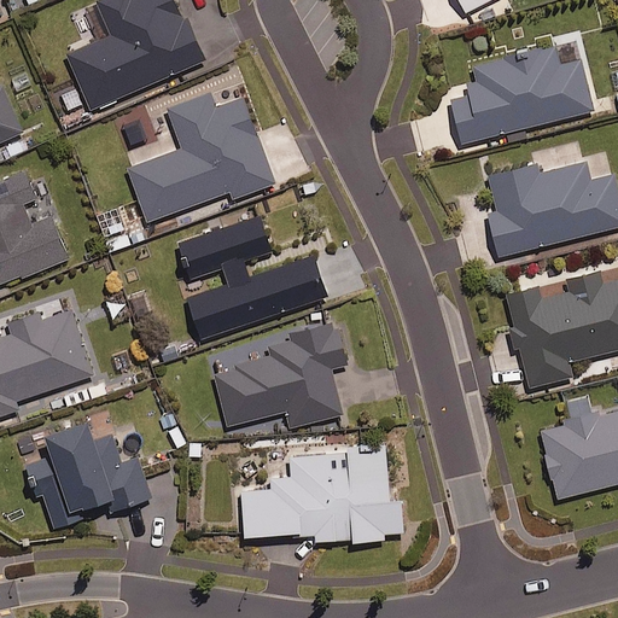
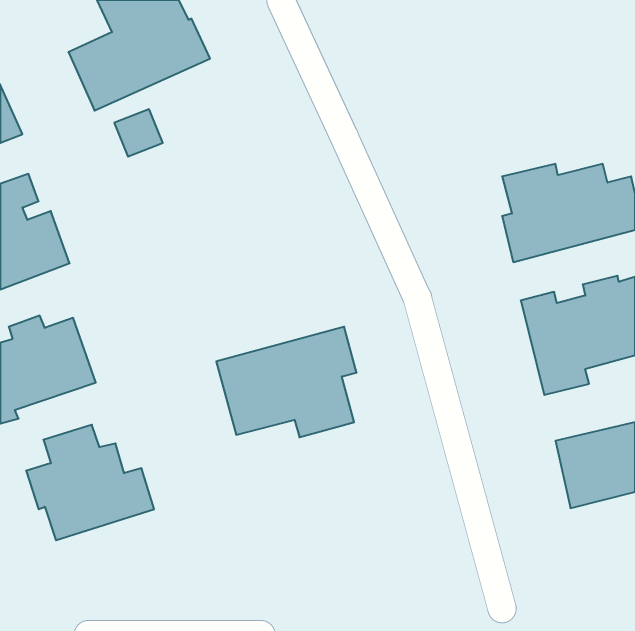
building: [451,47,594,144] -> none
building: [128,94,274,222] -> none
building: [179,217,327,340] -> none
building: [238,453,401,543] -> none

